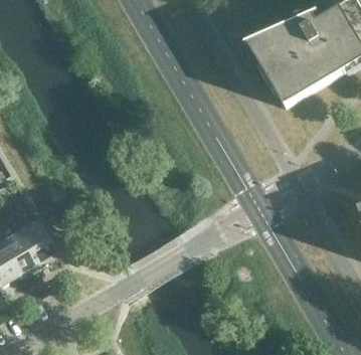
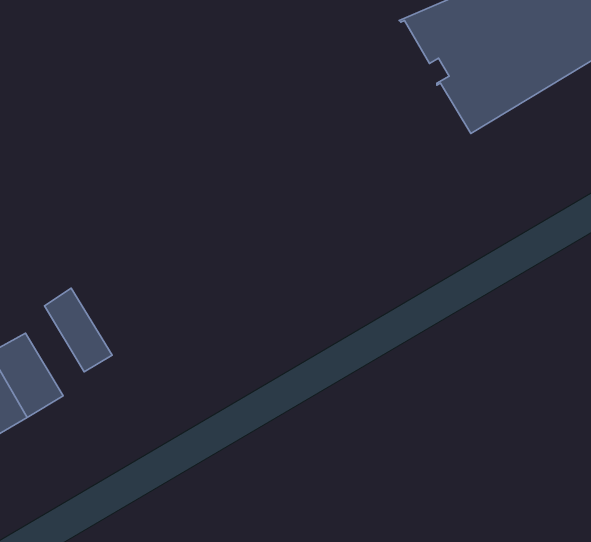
building: none -> [45,288,112,372]

